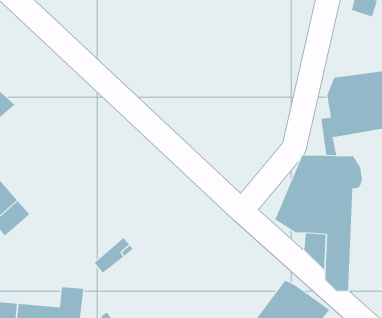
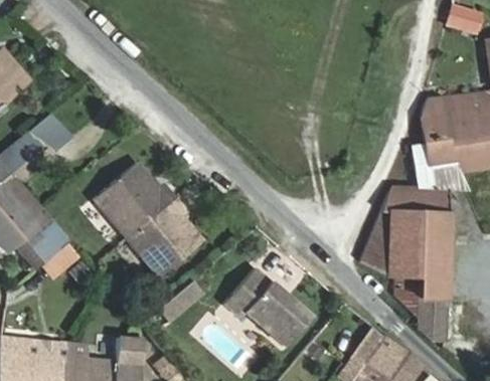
building: none -> [94,162,202,275]
building: none -> [224,269,311,347]

